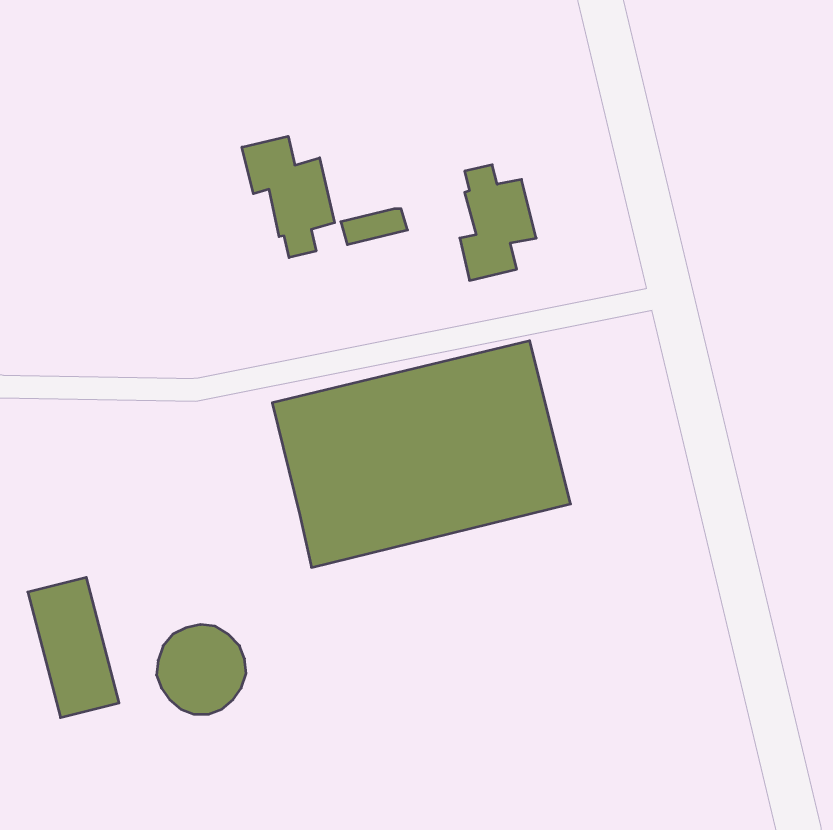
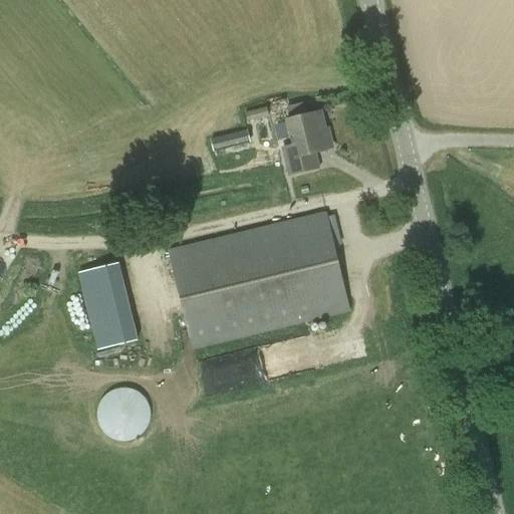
building: [242,136,335,258] -> none
building: [28,577,119,718] -> [80,262,137,348]

